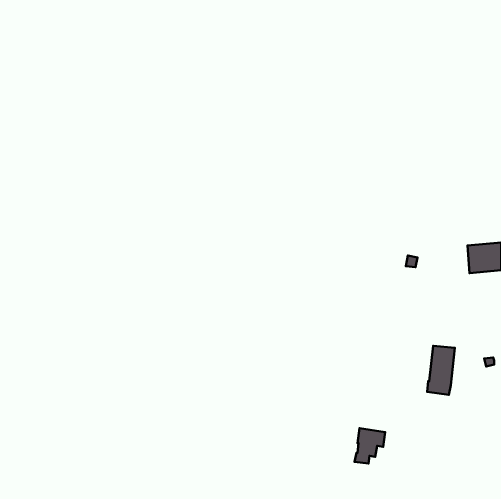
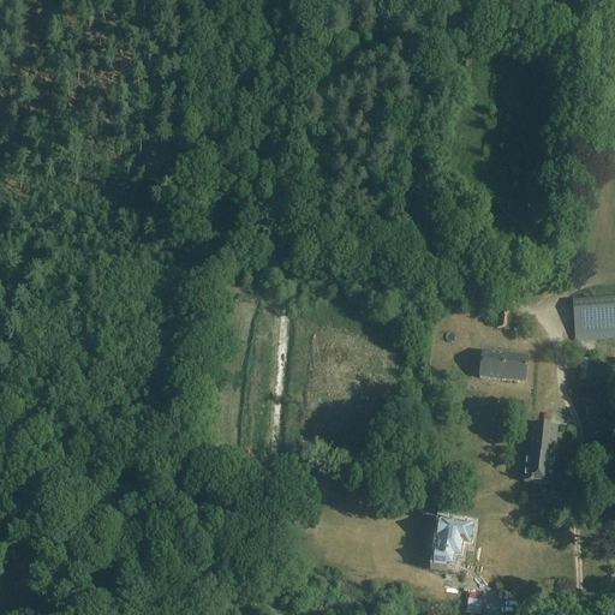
building: none -> [479,350,526,381]

